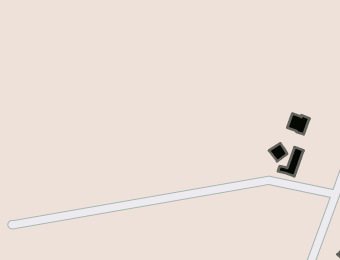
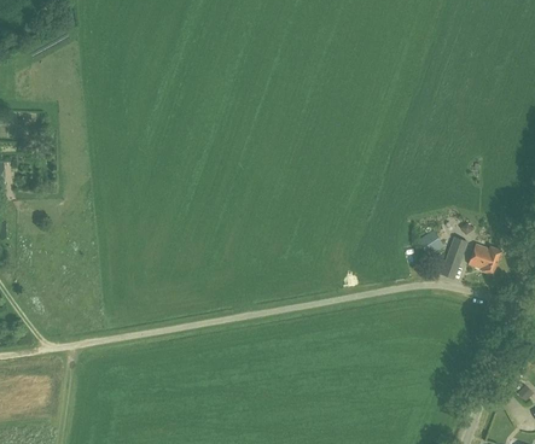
building: [287,114,310,134] -> [469,243,501,273]

